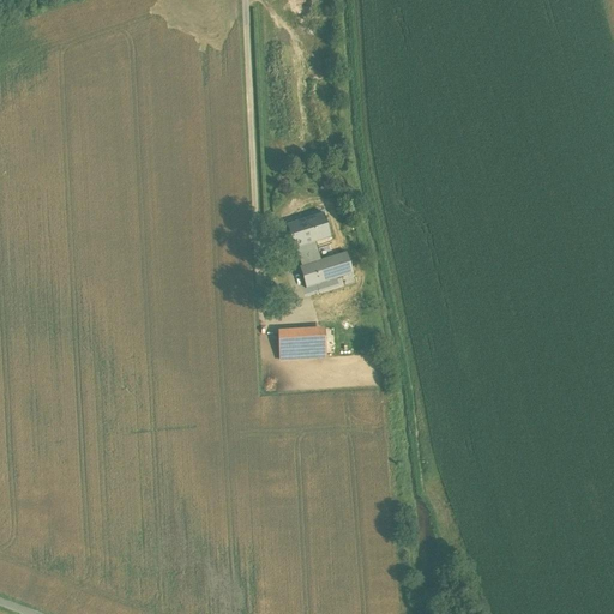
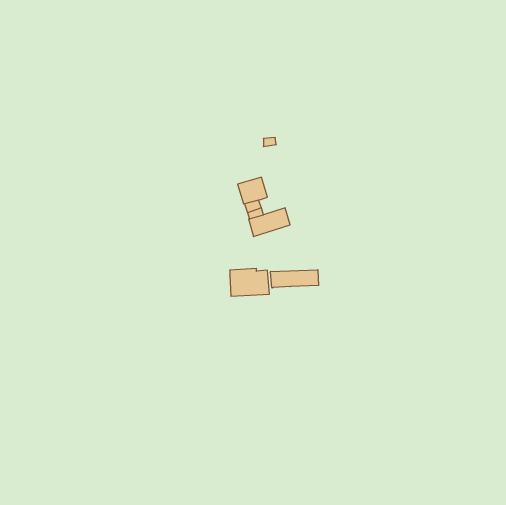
building: none -> [271,270,319,288]

